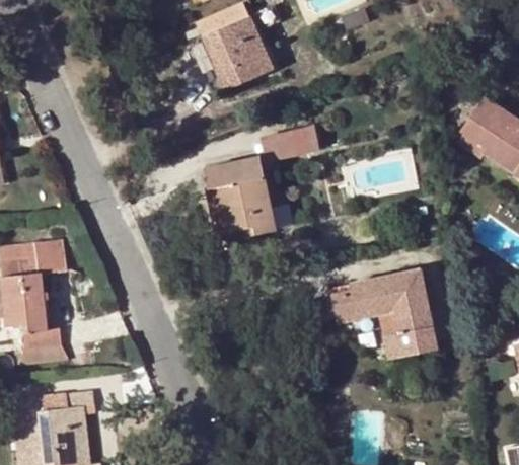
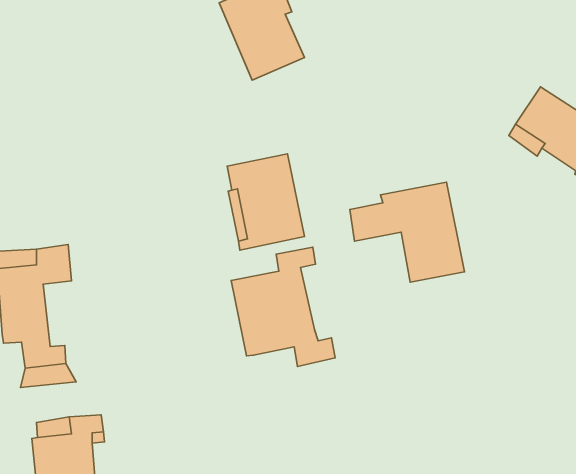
building: [262,129,300,162] -> none
building: none -> [231,247,335,366]
building: [333,268,436,358] -> [350,182,465,282]

